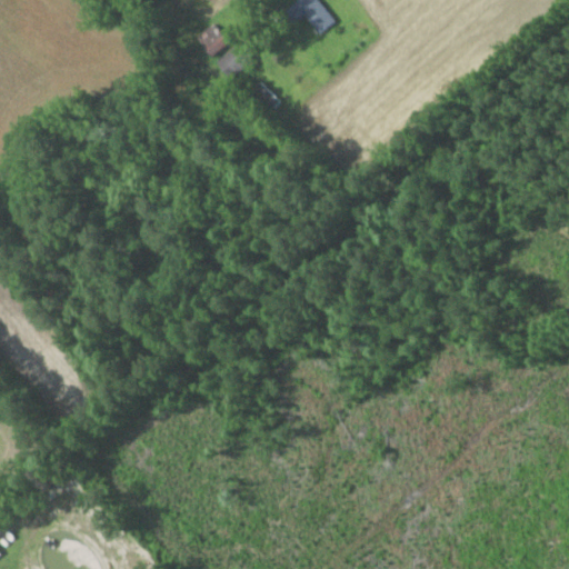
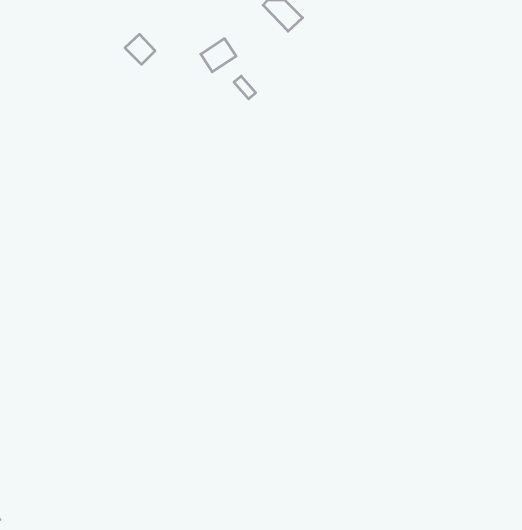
building: [194,23,227,56] -> [125,34,155,64]

